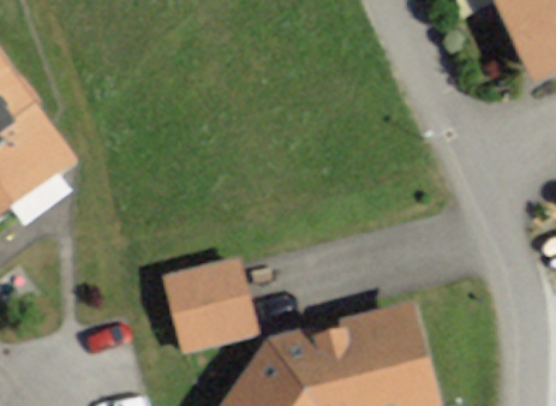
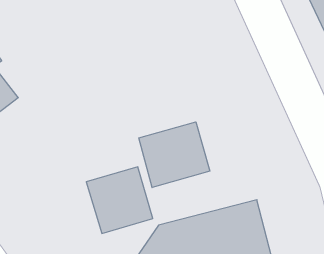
building: none -> [139,122,210,188]

